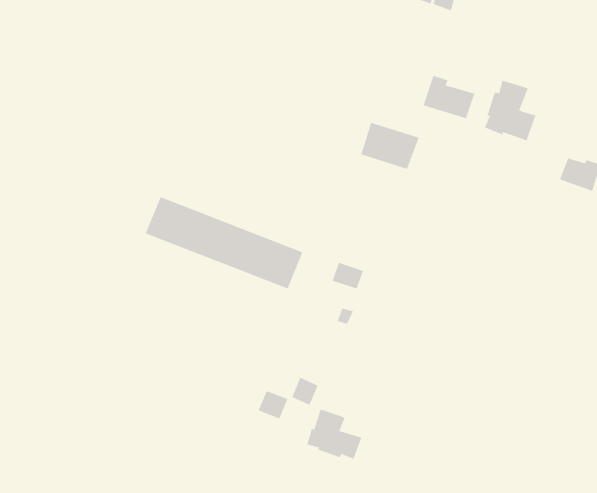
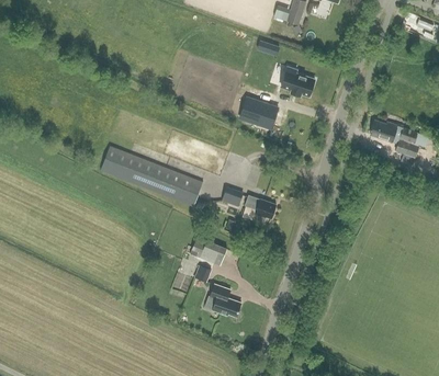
building: [484,80,536,141] -> none
building: none -> [244,194,275,221]
building: none -> [189,236,226,265]

